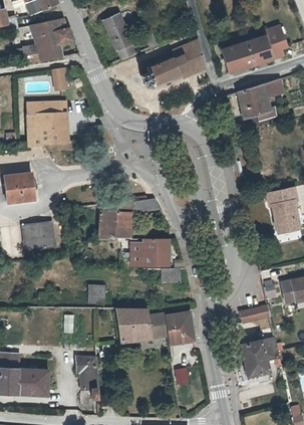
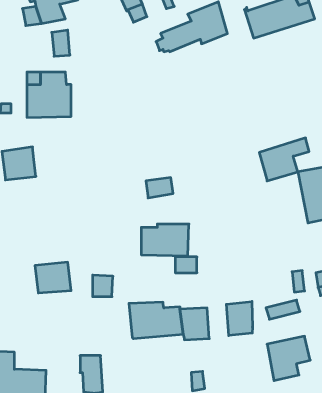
building: [240,81,284,120] -> [259,138,309,181]
building: [97,201,131,240] -> none
building: [21,220,53,247] -> [35,262,71,293]
building: none -> [226,301,252,336]

